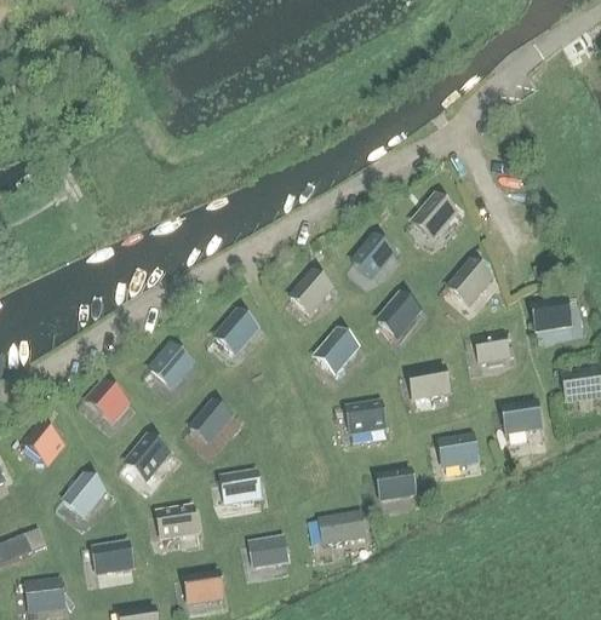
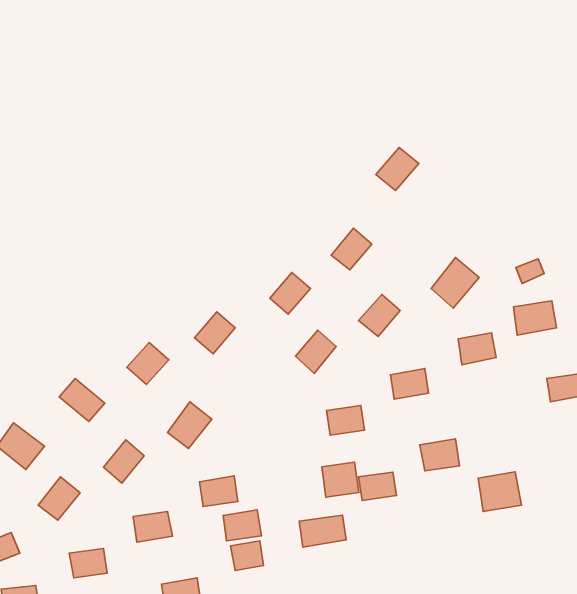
building: [413,196,456,239] -> [376,147,419,190]
building: [500,397,543,436] -> [478,472,521,511]
building: none -> [322,462,359,497]
building: none -> [223,510,262,541]

